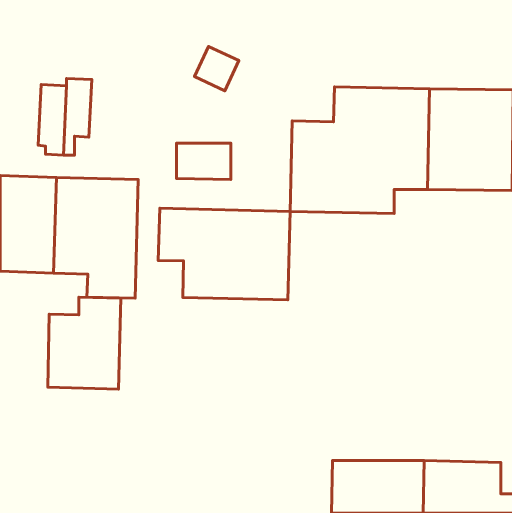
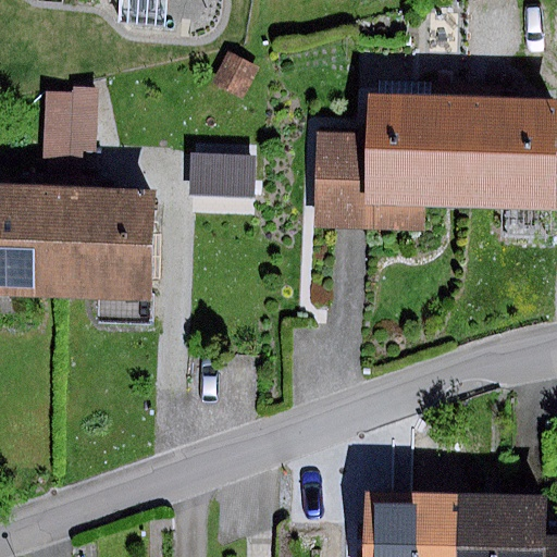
building: [158,208,290,300] -> none
building: [48,297,121,389] -> none

